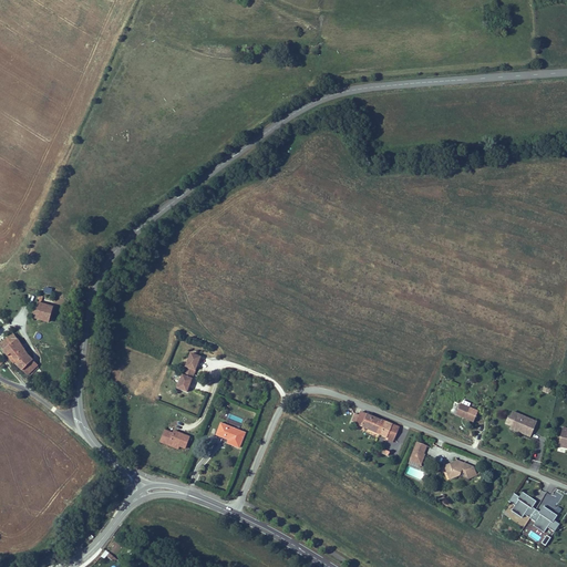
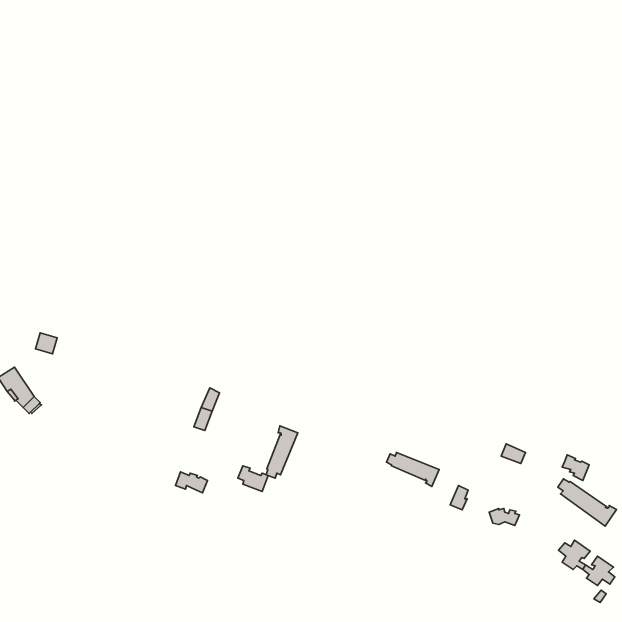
building: none -> [266,426,298,478]
building: none -> [558,479,617,526]

